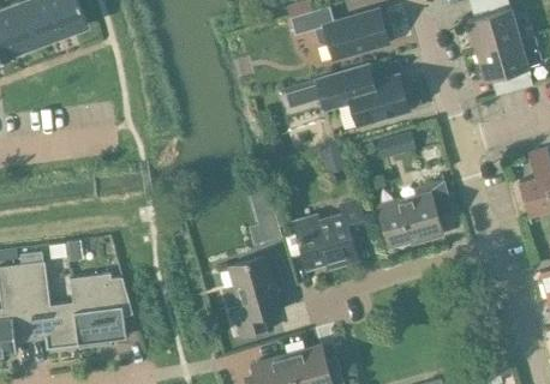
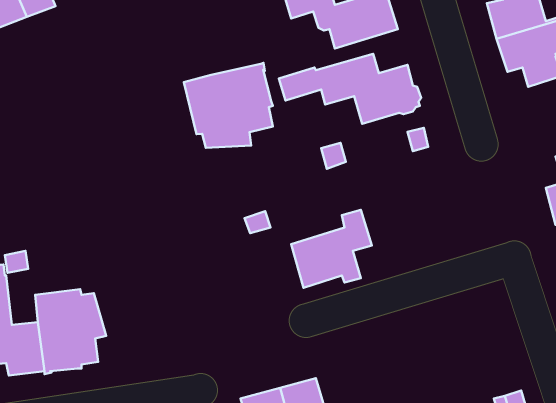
building: none -> [184,63,273,148]
building: [376,182,450,248] -> none
building: [226,260,279,341] -> none

